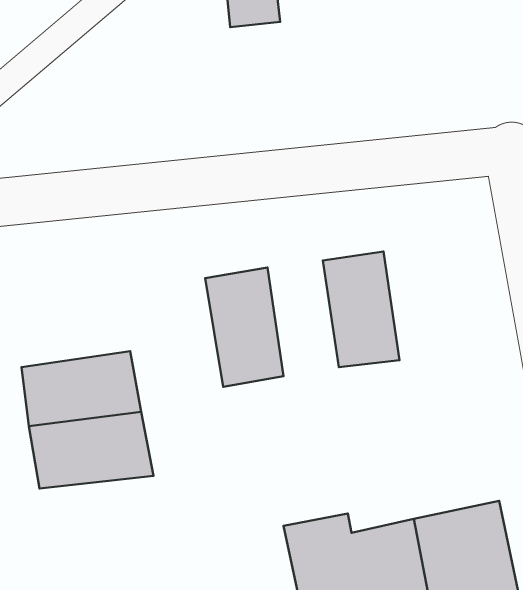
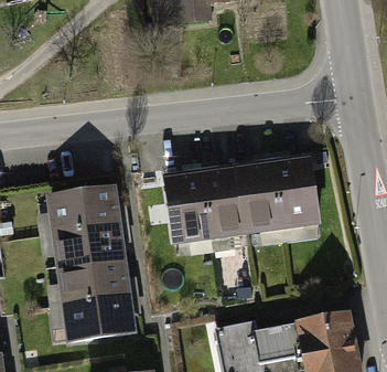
building: none -> [275,155,320,226]
building: none -> [203,164,247,236]
building: none -> [47,185,118,231]
building: none -> [62,298,140,346]

